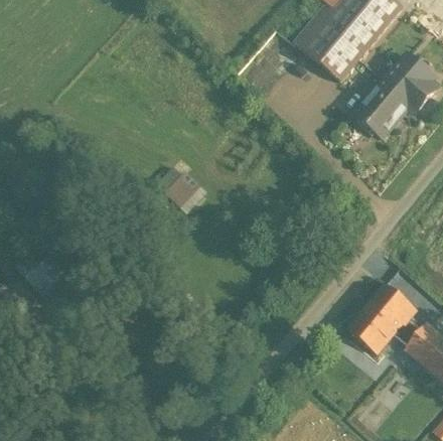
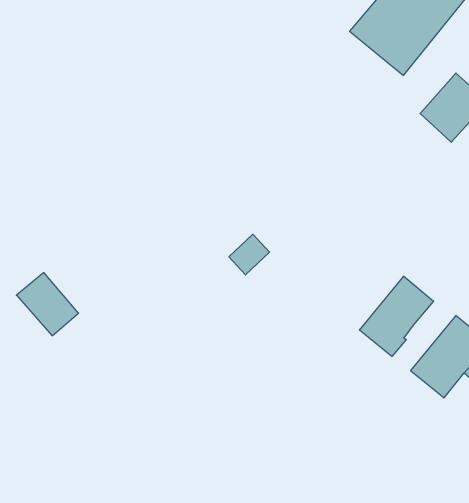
building: [163,171,197,205] -> [229,234,270,275]
building: none -> [359,276,434,356]

